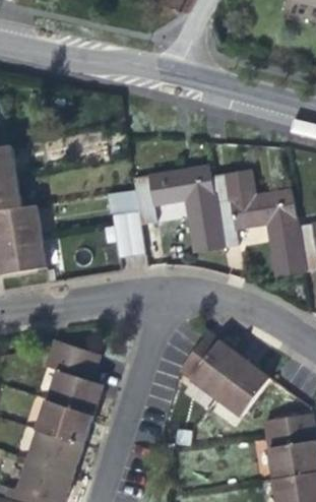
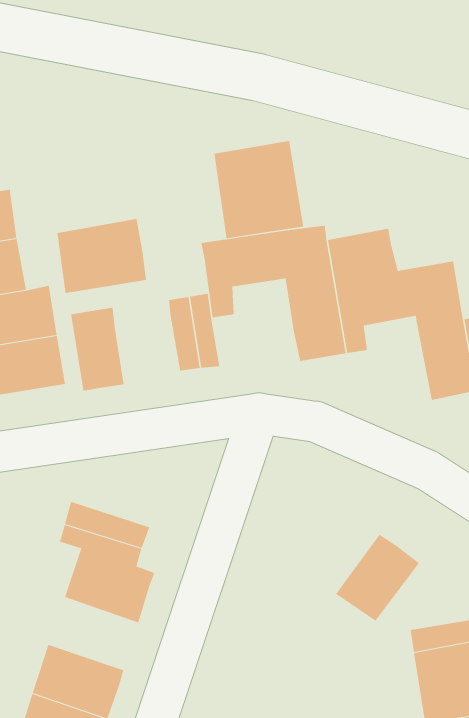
building: none -> [214,140,304,239]
building: none -> [57,218,147,294]
building: none -> [70,307,124,392]
building: [179,333,243,397] -> none
building: [36,399,92,445] -> none

